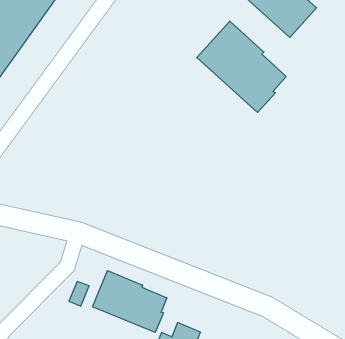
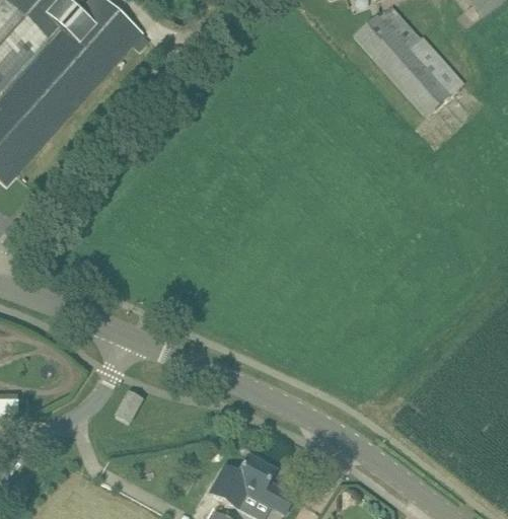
building: [197,21,286,112] -> none
building: [93,271,167,332] -> none

